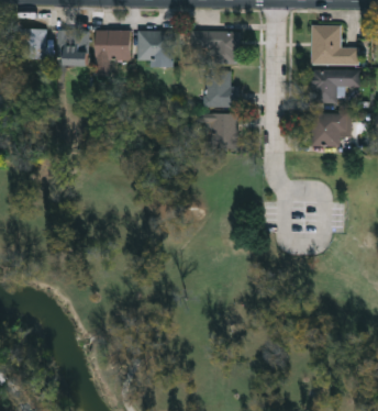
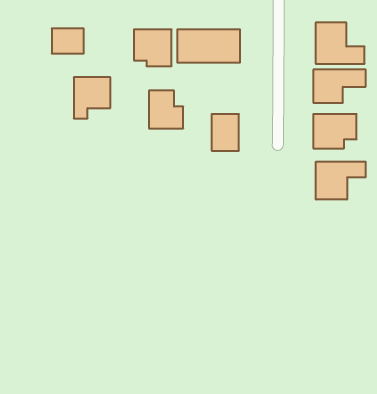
building: [18,30,46,58] -> none
building: [96,31,131,70] -> [74,77,110,118]
building: [207,70,240,107] -> [149,91,183,128]
building: none -> [316,162,366,200]

